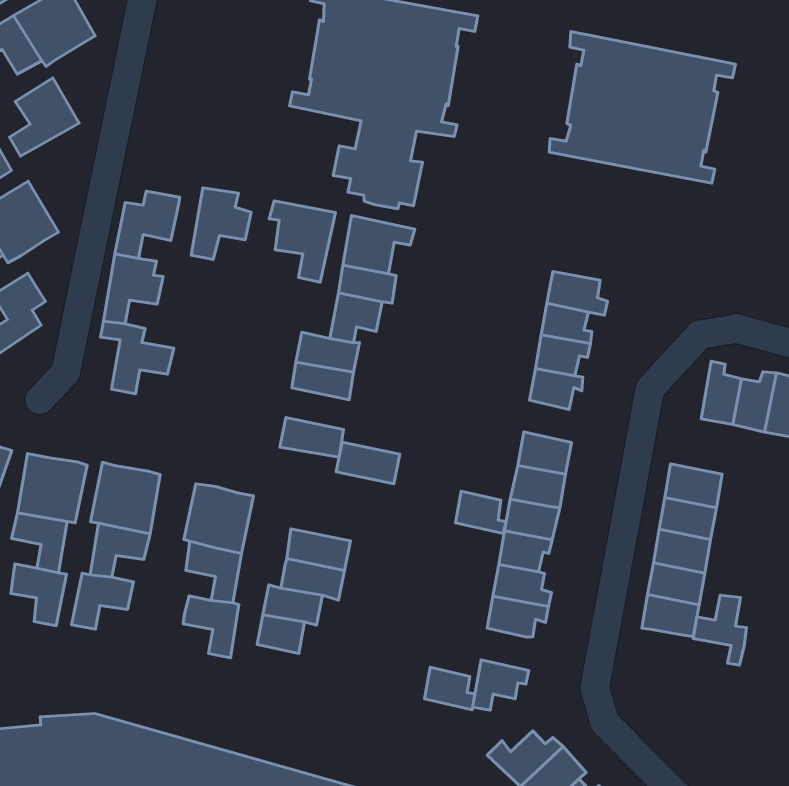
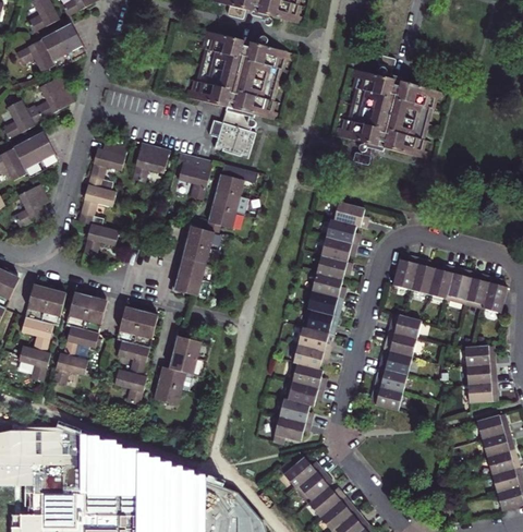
building: none -> [391,254,417,288]
building: [336,442,400,484] -> [179,256,215,281]
building: [455,491,506,533] -> [311,271,339,297]
building: [693,595,746,665] -> none
building: [424,667,475,710] -> [279,397,307,422]

